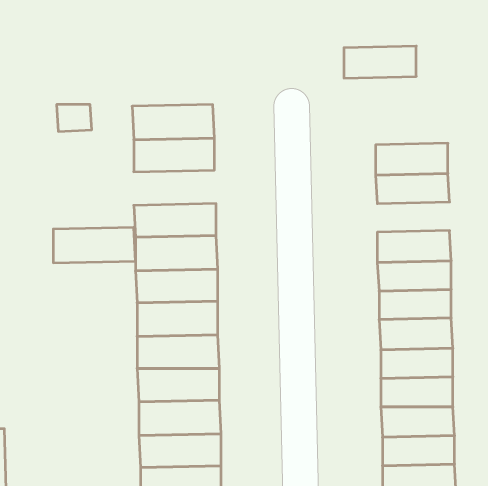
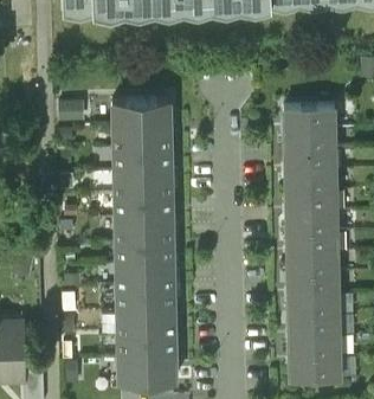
building: [344,46,416,78] -> [284,109,335,131]
building: none -> [285,172,336,193]
building: [53,227,135,263] -> [114,149,172,174]

